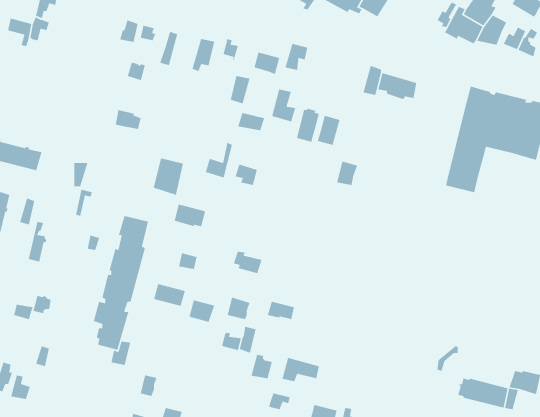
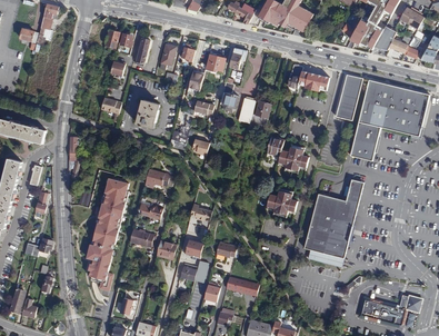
building: none -> [336,73,362,120]
building: [153,157,184,196] -> [137,99,160,128]
building: none -> [278,145,309,169]
building: none -> [303,179,363,266]
building: none -> [267,189,298,214]

